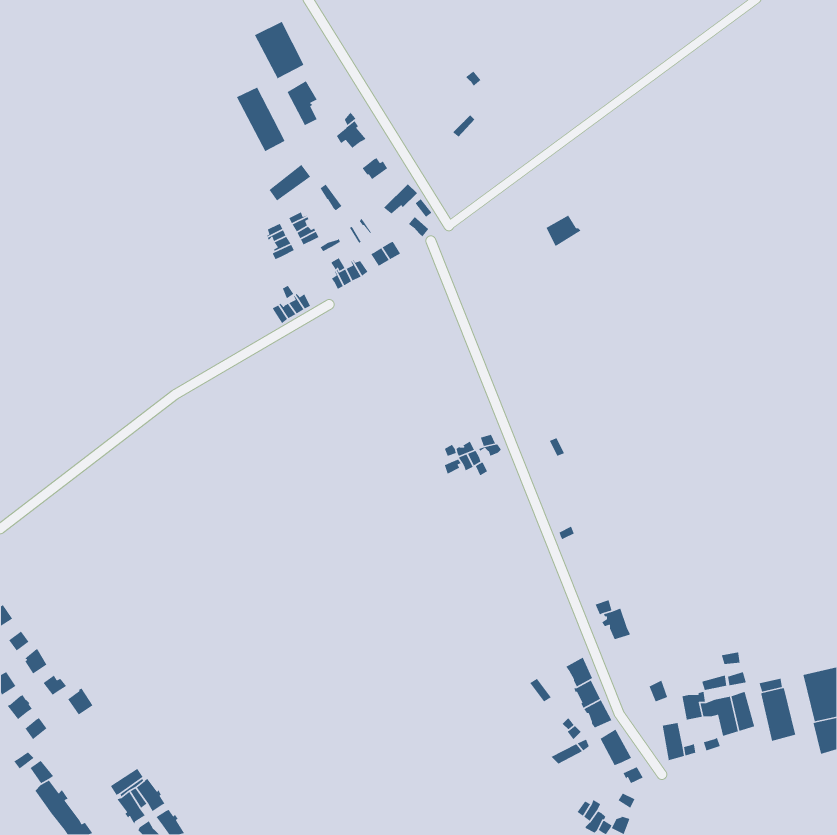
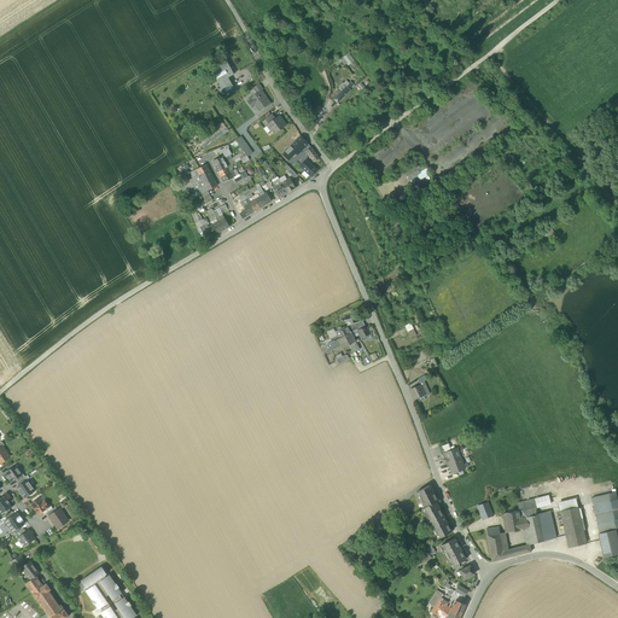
building: [254,21,305,80] -> none
building: [236,86,286,153] -> none

